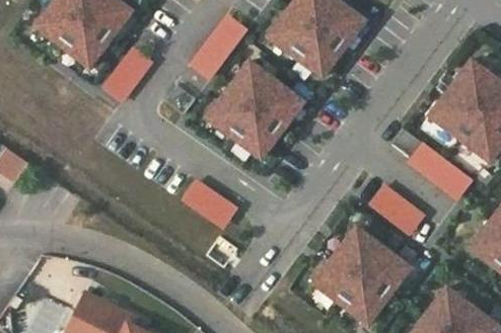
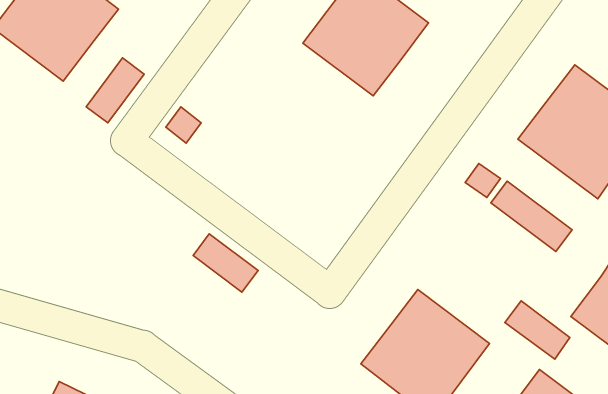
building: [193,16,245,77] -> none
building: [207,66,301,160] -> none
building: [371,186,420,230] -> [505,301,570,359]

